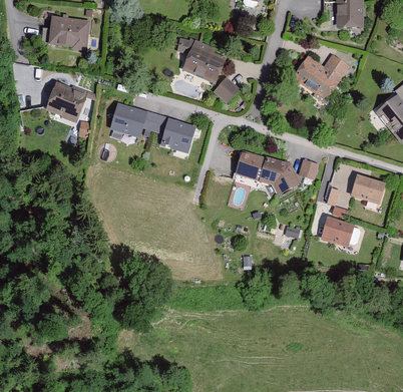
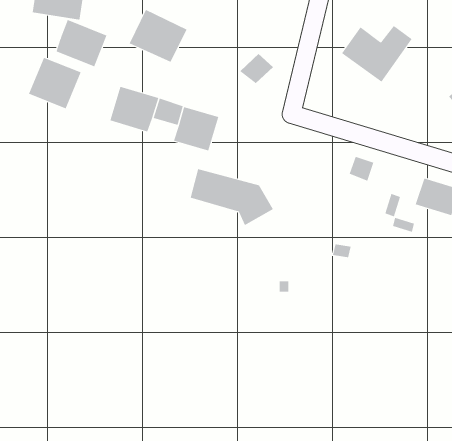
building: [181,40,228,82] -> [129,9,188,62]
building: none -> [56,19,107,67]
building: [235,150,301,195] -> [190,168,274,226]
building: [321,217,361,248] -> none

